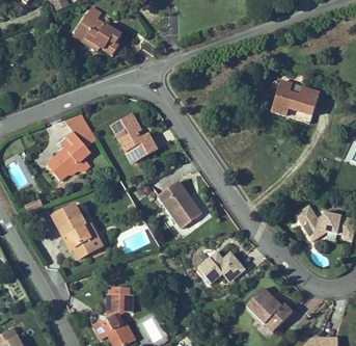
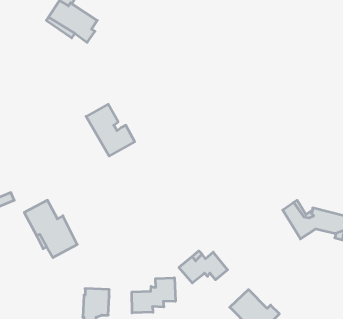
building: [271,80,319,123] -> none
building: [46,113,95,172] -> none
building: [158,181,200,228] -> none
building: none -> [132,278,175,313]

